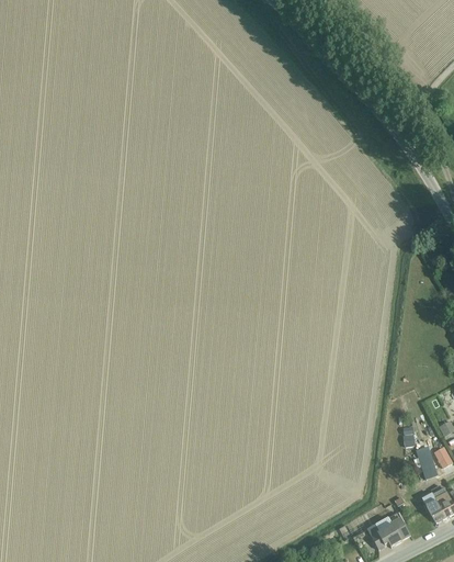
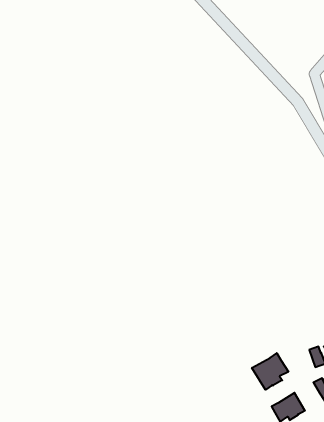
building: none -> [252,353,288,390]

